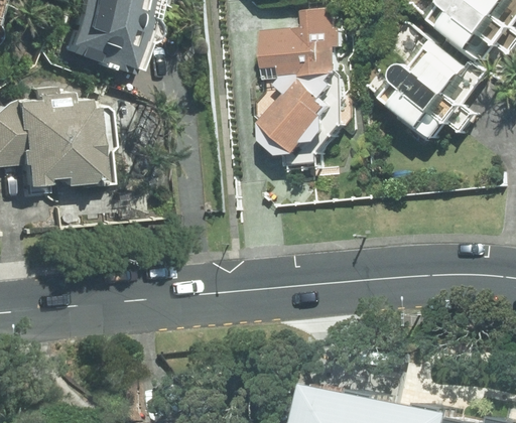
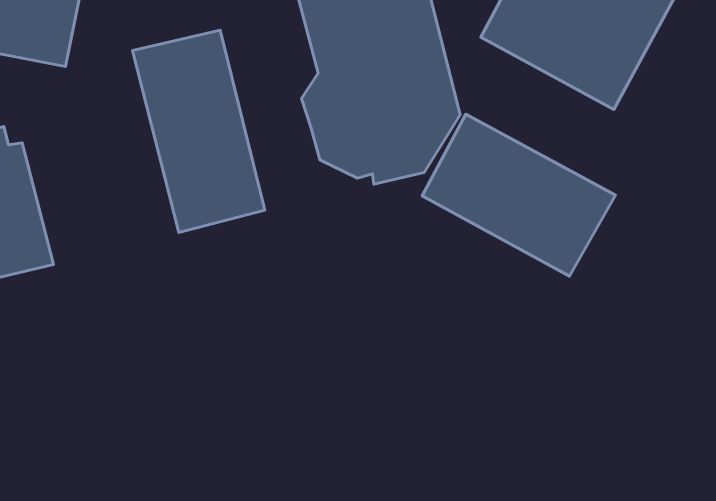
building: none -> [133,30,265,233]
building: none -> [422,114,615,276]

